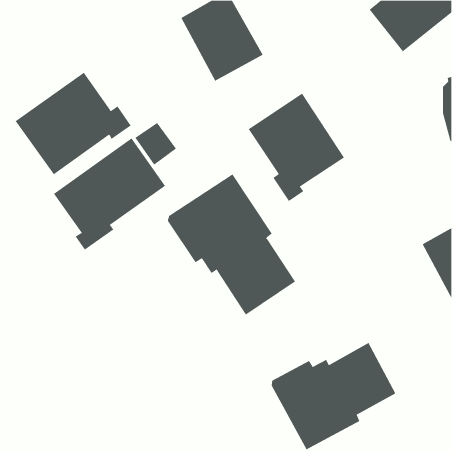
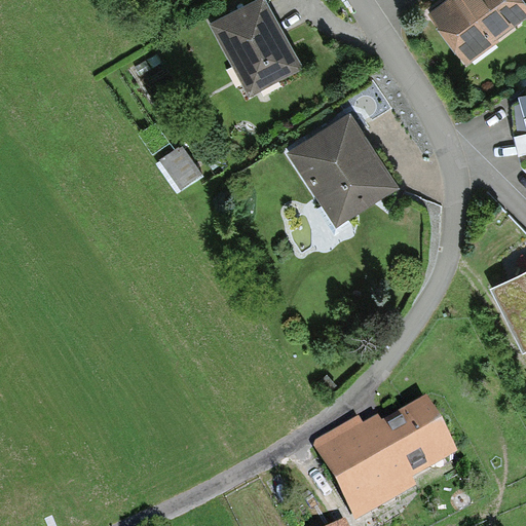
building: [15,72,132,175] -> none
building: [53,138,166,251] -> none
building: [167,174,296,315] -> none

